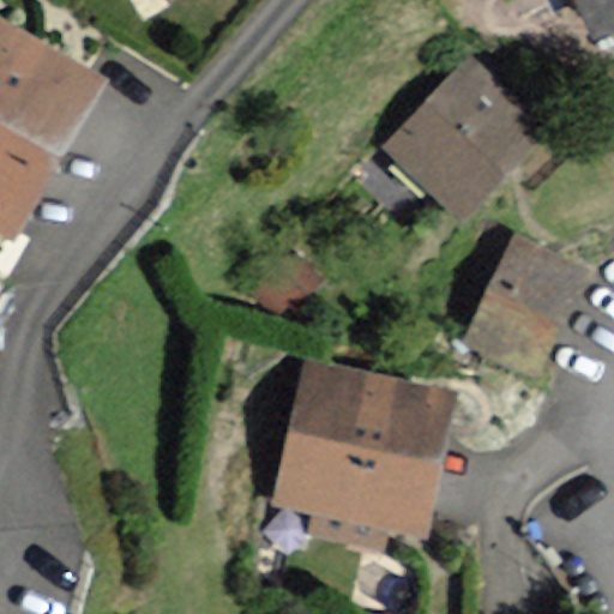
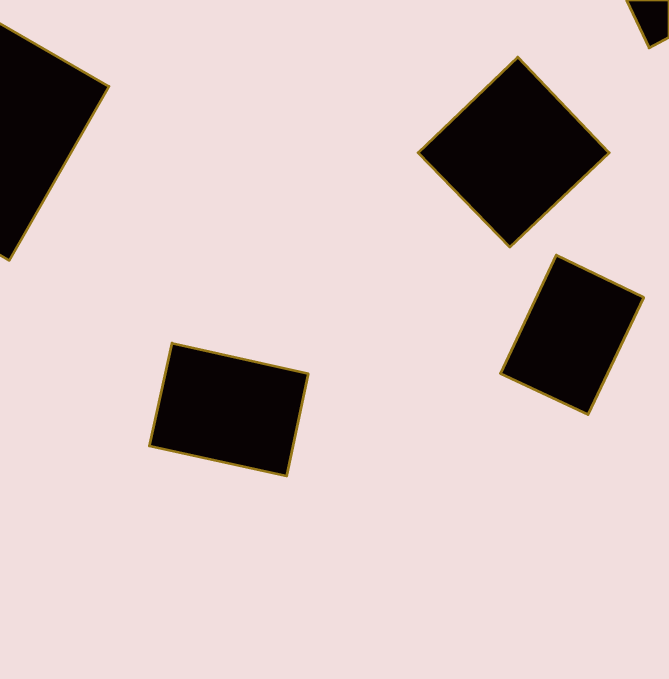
building: none -> [149,343,308,476]
building: [278,363,455,528] -> none

